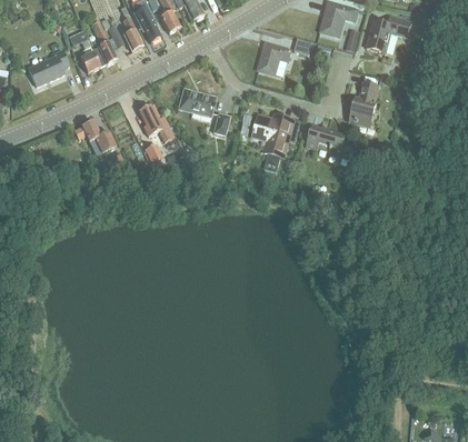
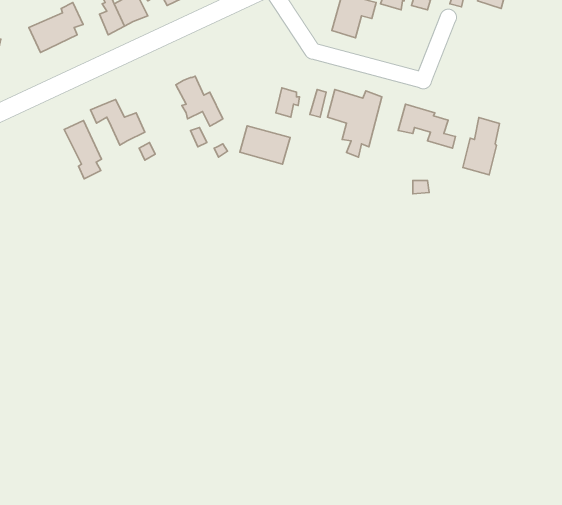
building: [349,81,377,124] -> [463,117,500,175]
building: [178,88,216,117] -> [240,126,290,164]
building: none -> [64,120,101,179]

